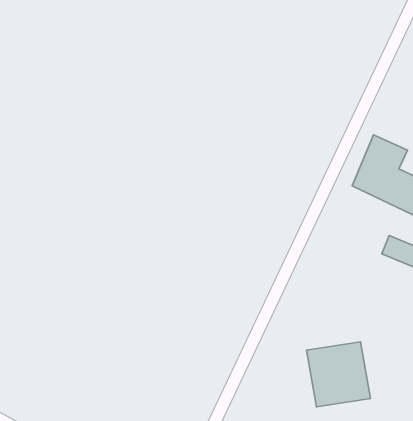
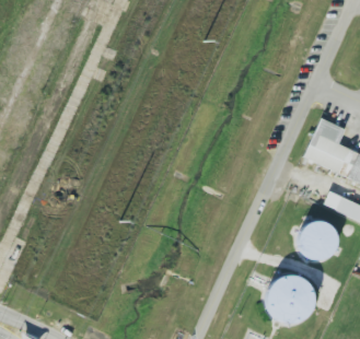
building: none -> [299,221,338,262]

